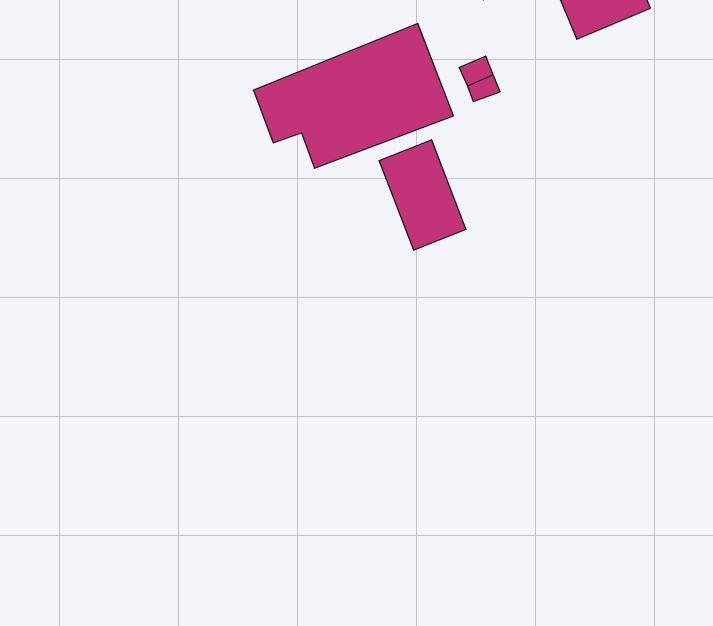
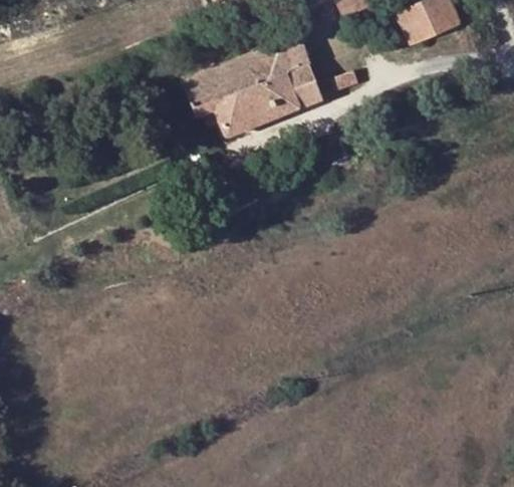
building: [379,140,466,250] -> none

